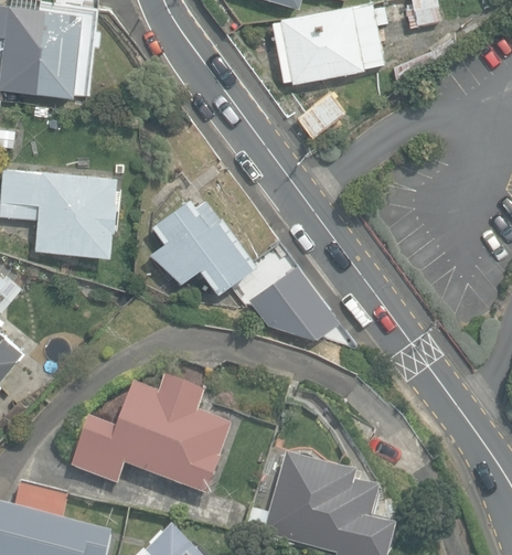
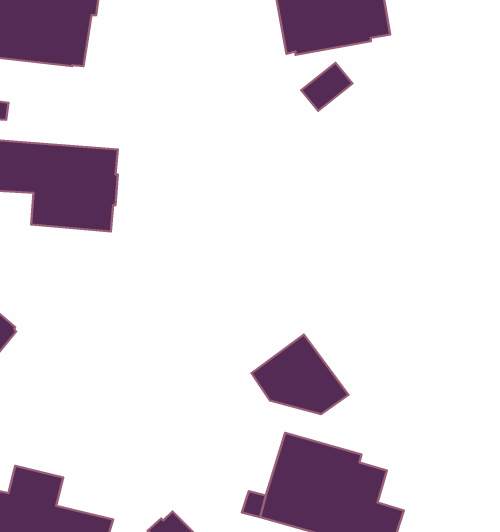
building: [148,194,259,292] -> none
building: [249,259,343,337] -> [252,335,348,414]
building: [70,381,230,497] -> none

